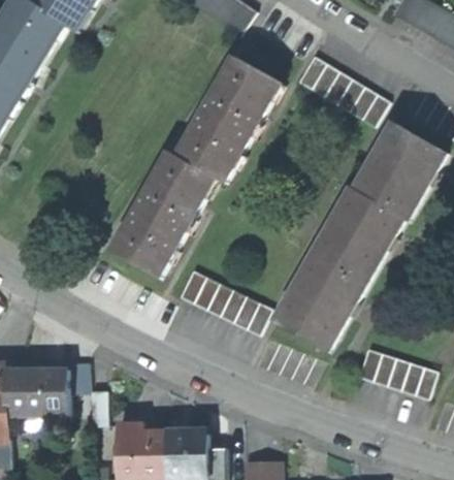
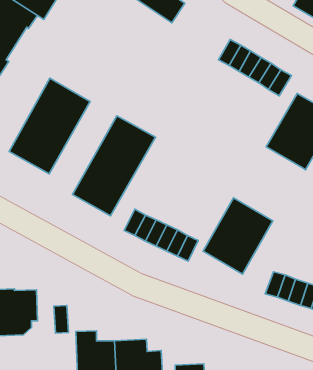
building: [176,55,280,181] -> none
building: none -> [9,78,90,174]
building: [314,188,401,282] -> none

